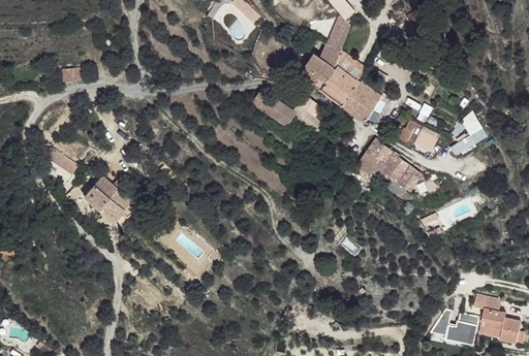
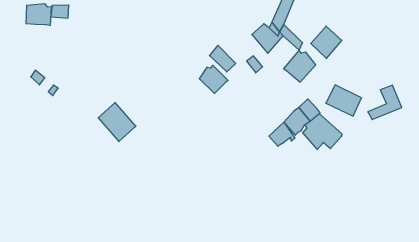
building: none -> [26,4,51,26]
building: [322,69,359,107] -> [311,26,342,59]
building: none -> [199,65,228,93]
building: none -> [269,122,295,146]
building: [86,175,131,221] -> [98,102,136,142]

